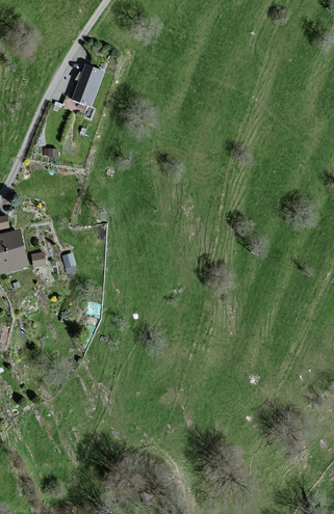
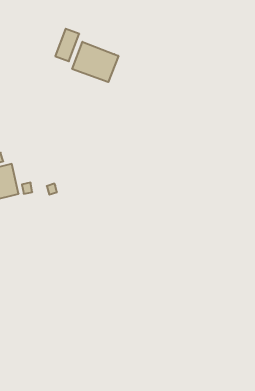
building: none -> [72,42,118,82]

